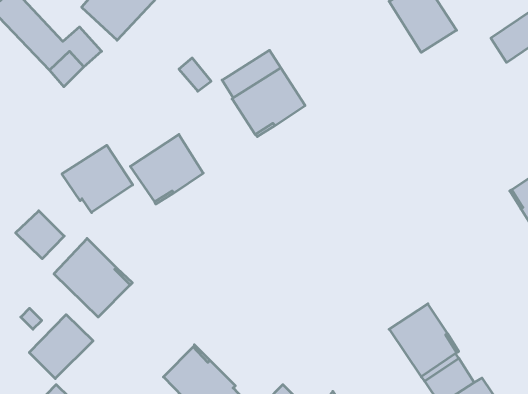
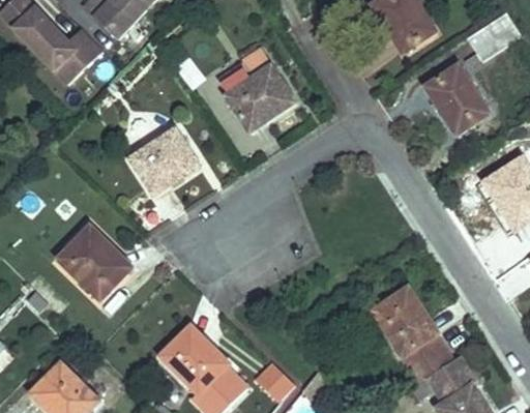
building: none -> [425,65,488,134]
building: [62,145,133,213] -> none
building: [16,211,64,259] -> none
building: [29,315,93,379] -> none

